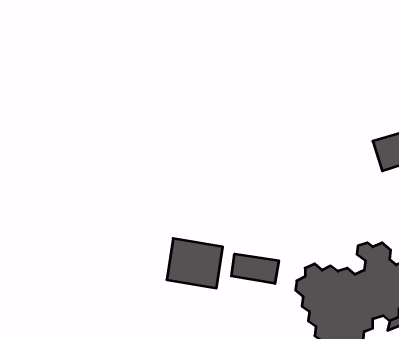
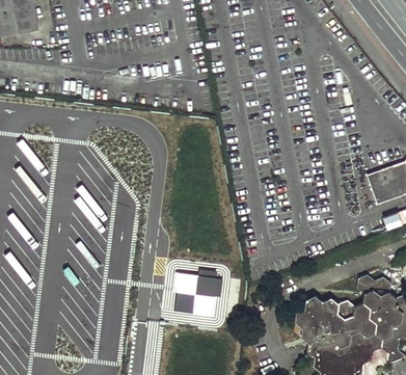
building: [231,254,279,284] -> none

